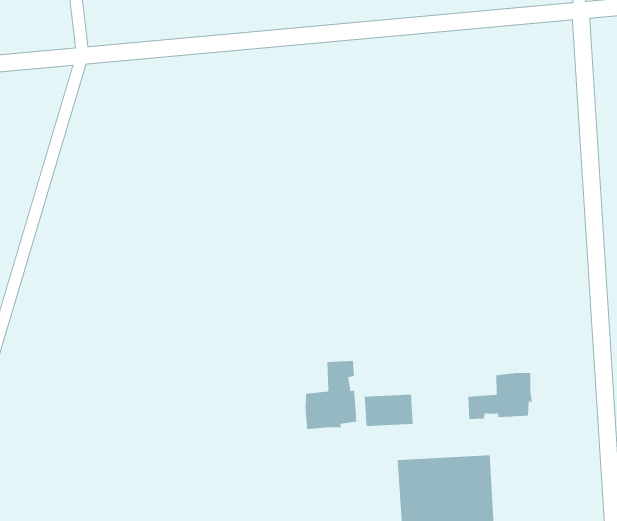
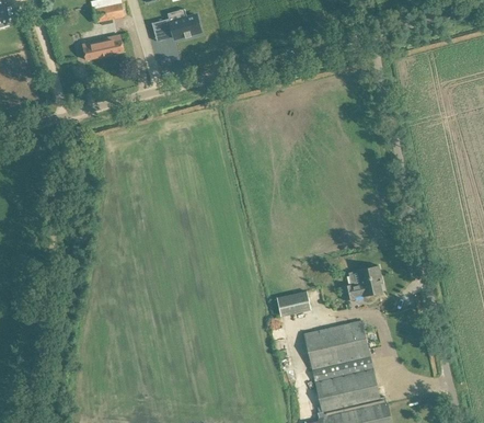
building: [305,360,357,430] -> none

